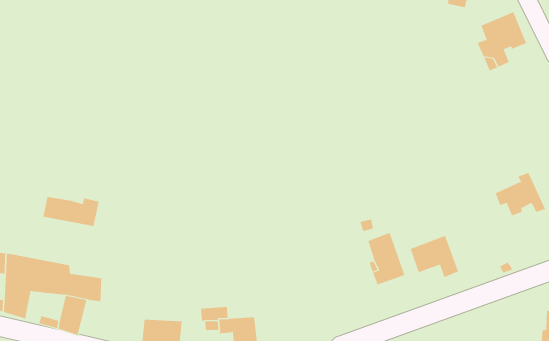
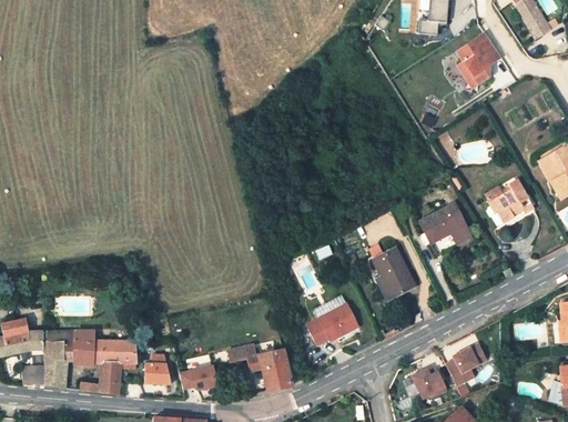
building: [43,196,99,227] -> none
building: [410,235,459,278] -> [423,205,471,245]
building: none -> [311,308,363,348]
building: none -> [148,351,170,382]

